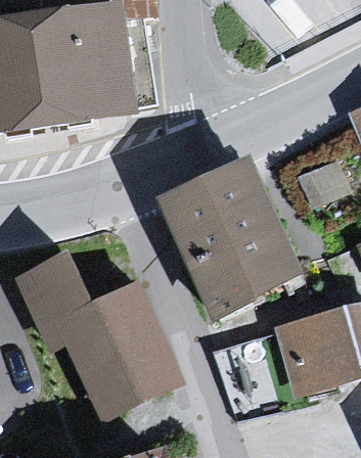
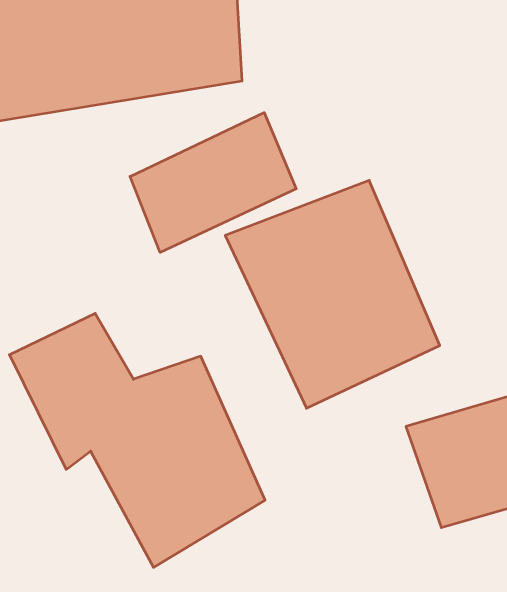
building: none -> [130,113,296,252]

